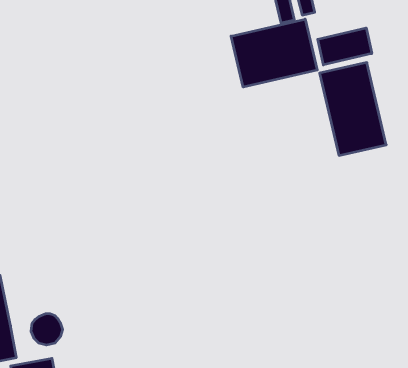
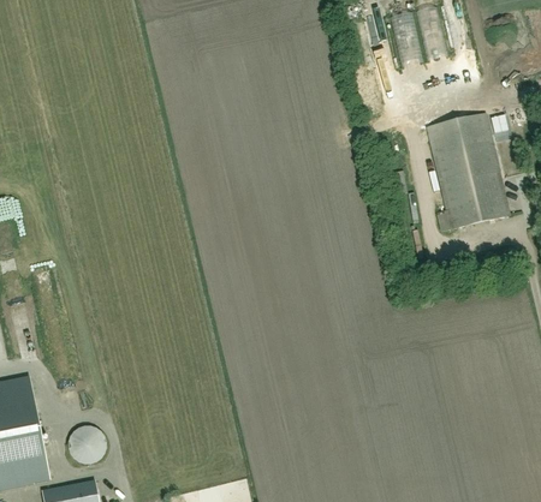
building: [231,19,317,87] -> none
building: [318,28,372,65] -> none

